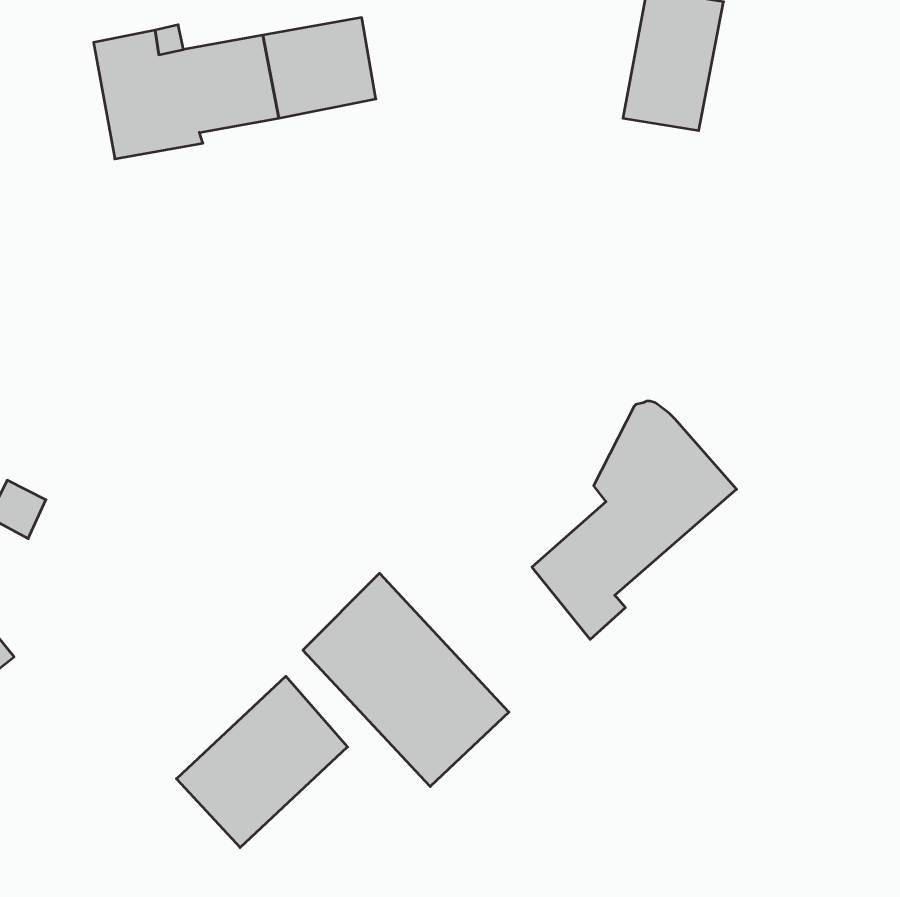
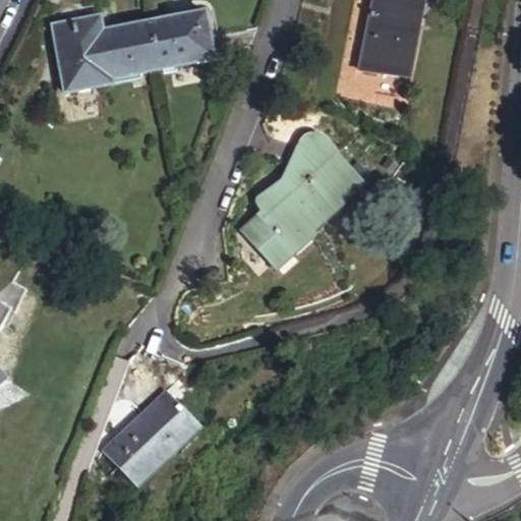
building: [532,401,737,639] -> [242,131,360,269]
building: [303,573,509,787] -> none

